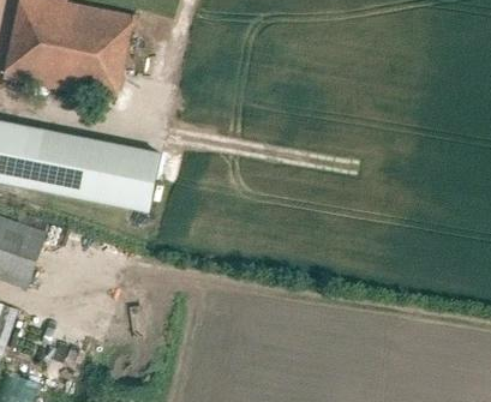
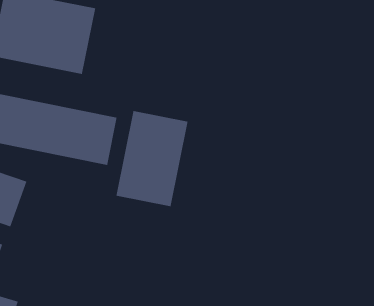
building: none -> [115,110,189,207]

